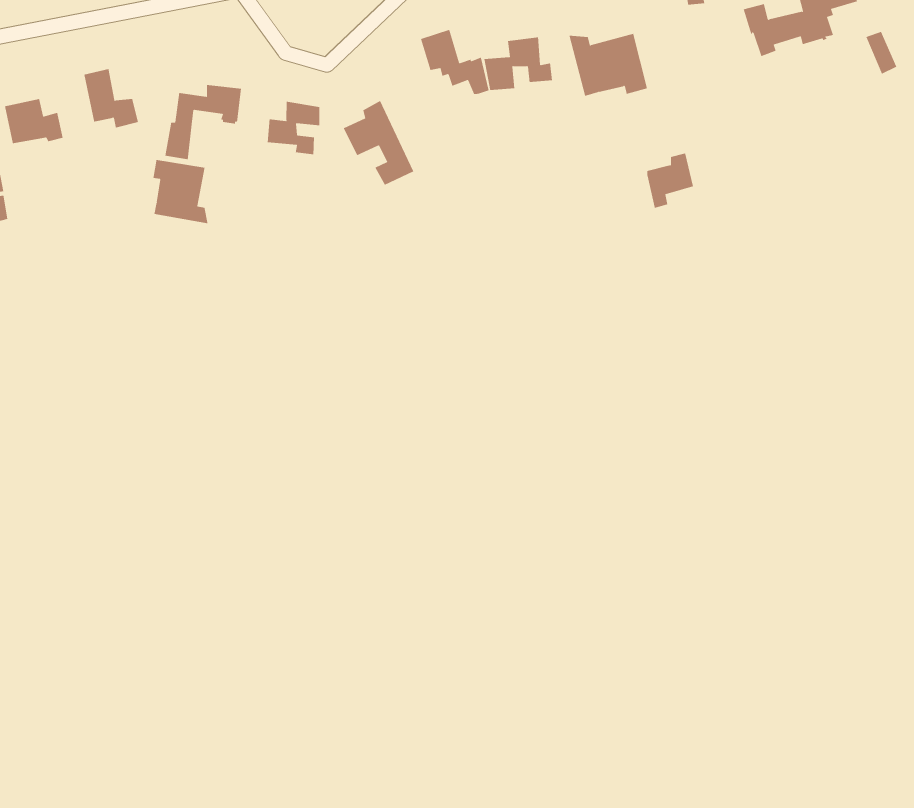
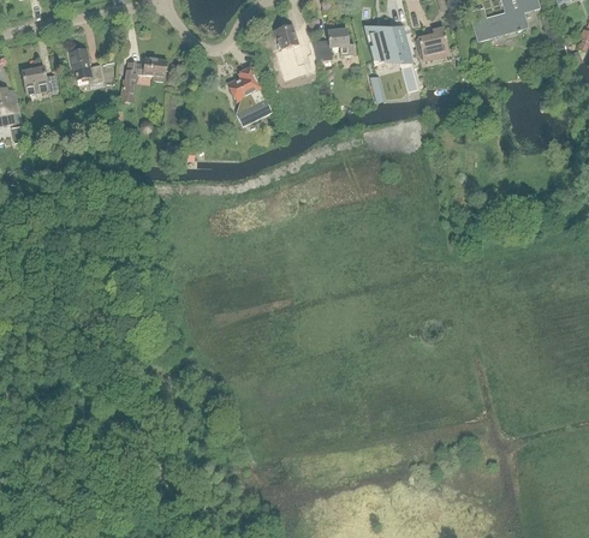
building: [267,101,320,155] -> none
building: [646,153,694,208] -> [418,26,447,60]
building: [153,159,208,224] -> none

